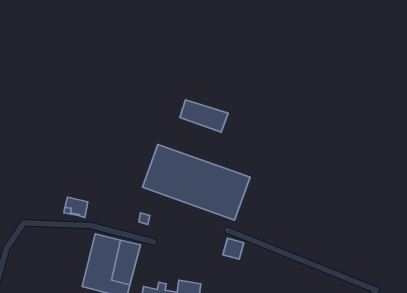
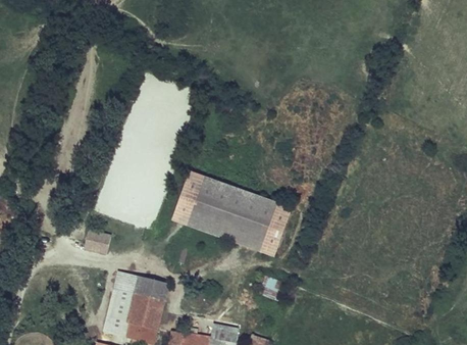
building: [180,100,228,132] -> none

